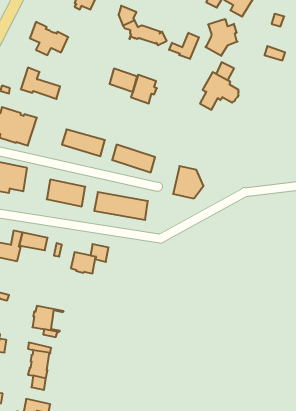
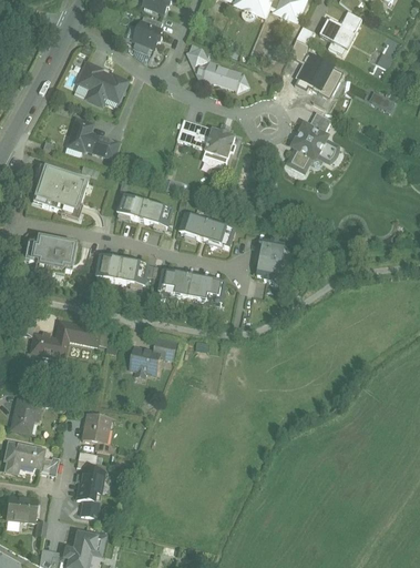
building: [169,33,199,59] -> none

